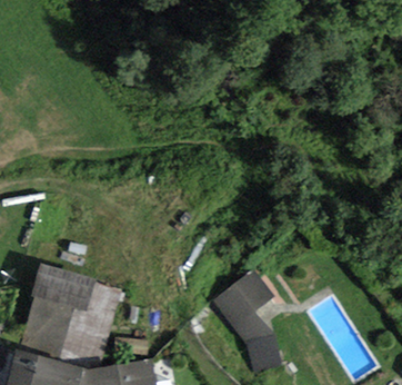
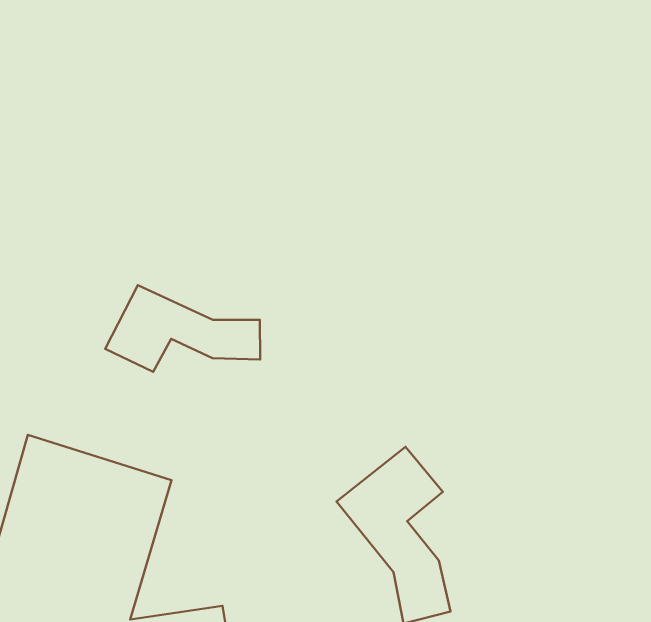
building: none -> [105,285,260,372]

